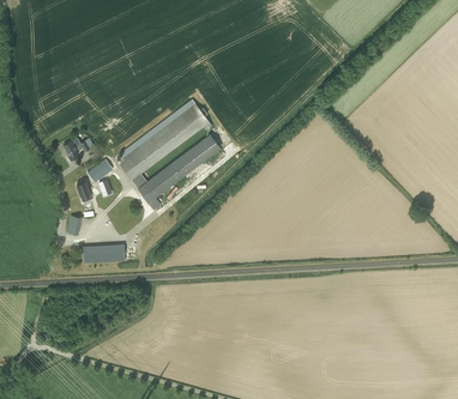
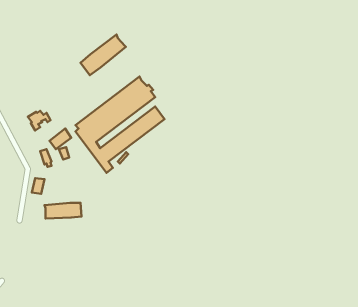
building: none -> [81,35,126,75]

